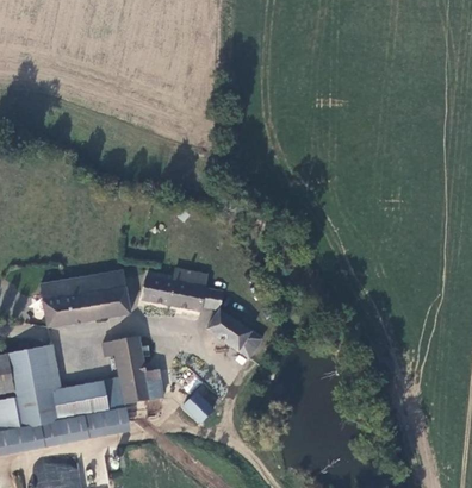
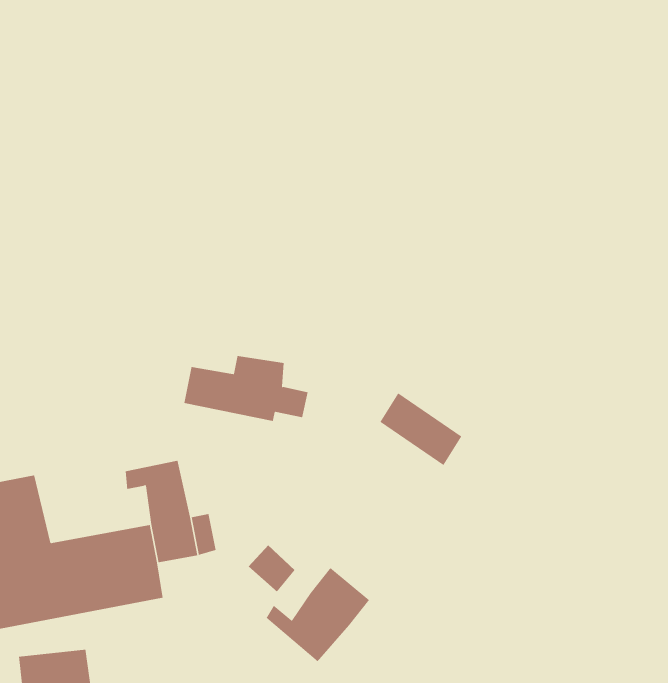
building: [39,269,131,327] -> none
building: [206,309,260,357] -> [379,392,462,466]
building: none -> [266,567,370,662]

